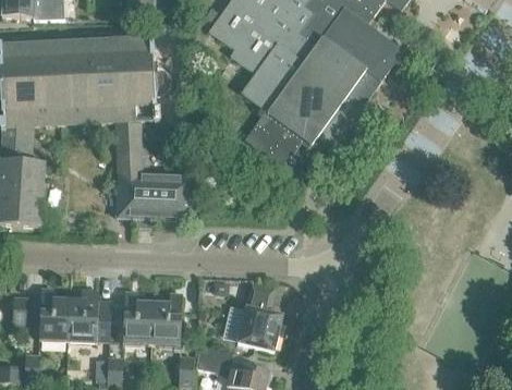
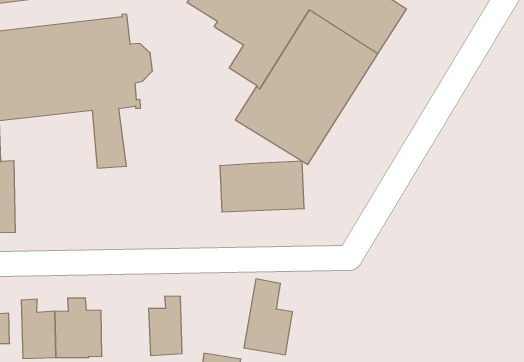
building: [114,173,190,217] -> [220,161,304,212]
building: [122,291,153,344] -> none

